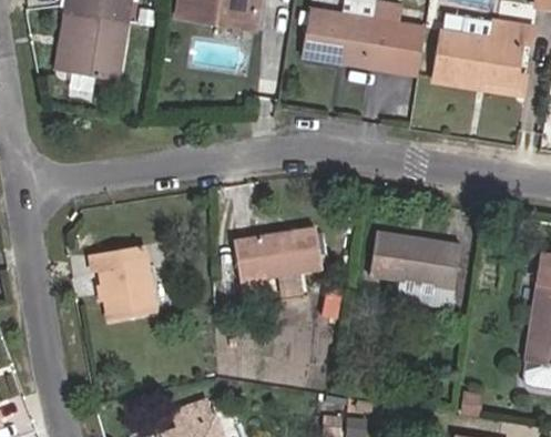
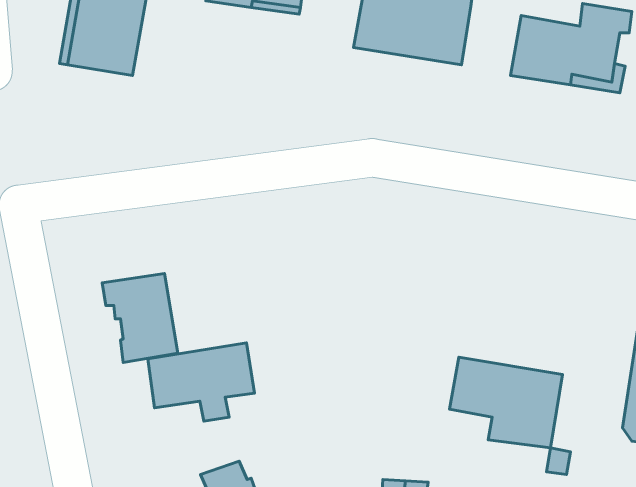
building: [390,22,425,75] -> none
building: [234,226,323,292] -> [148,343,254,421]
building: [368,231,462,306] -> [449,357,563,448]

